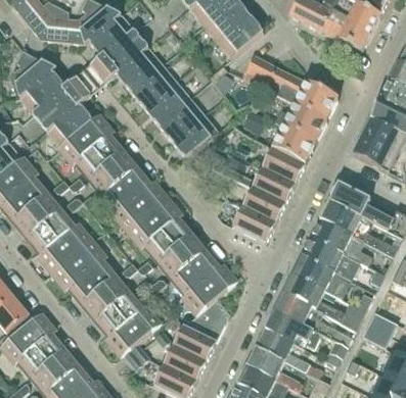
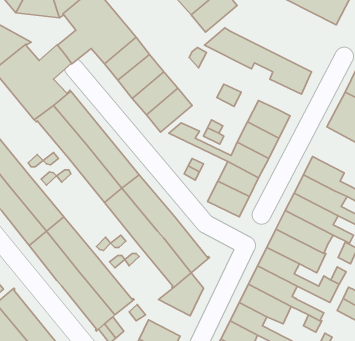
building: [285,104,328,141] -> none
building: [175,325,217,361] -> none

